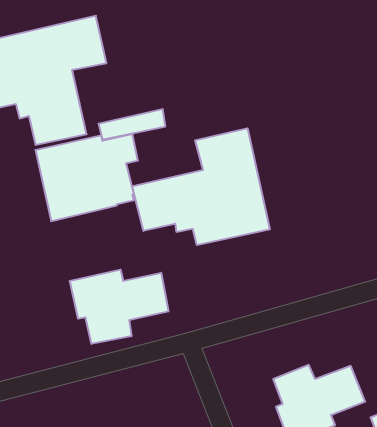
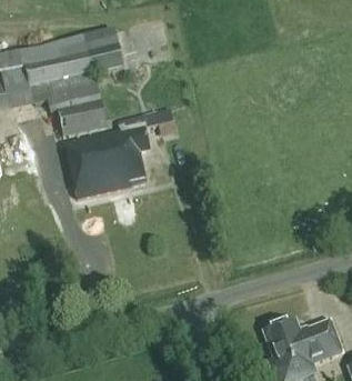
building: [132,128,270,245] -> none
building: [70,270,168,344] -> none

